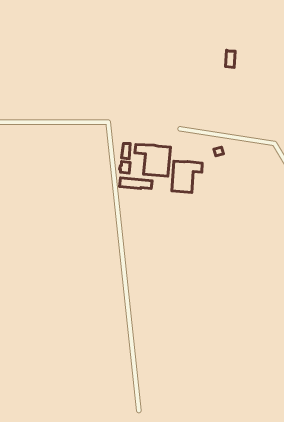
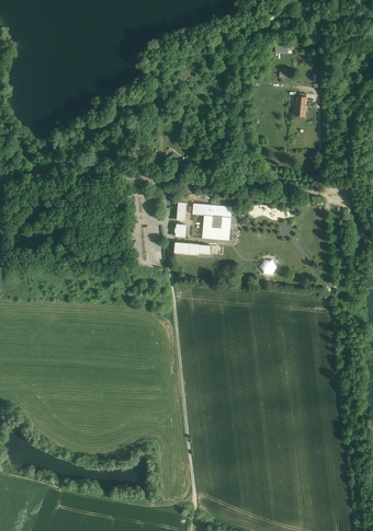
building: [172,161,202,192] -> none

